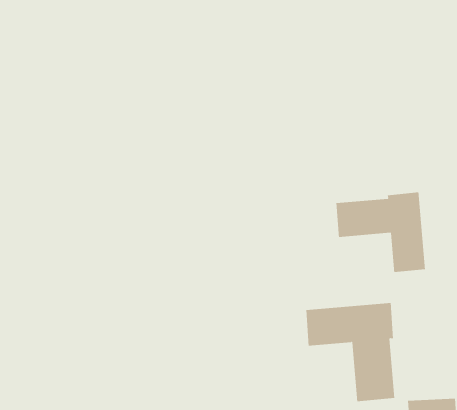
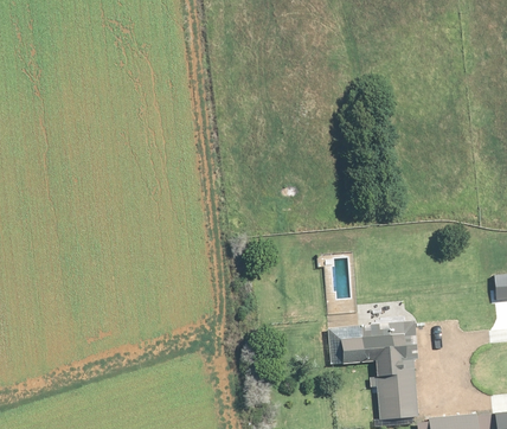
building: [336,192,426,273] -> none

